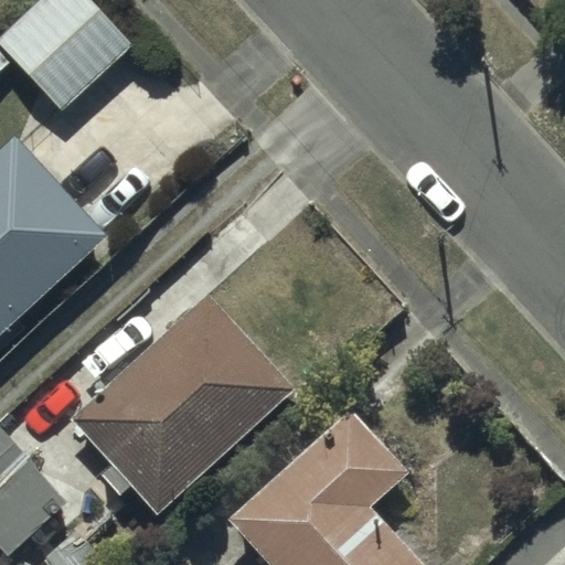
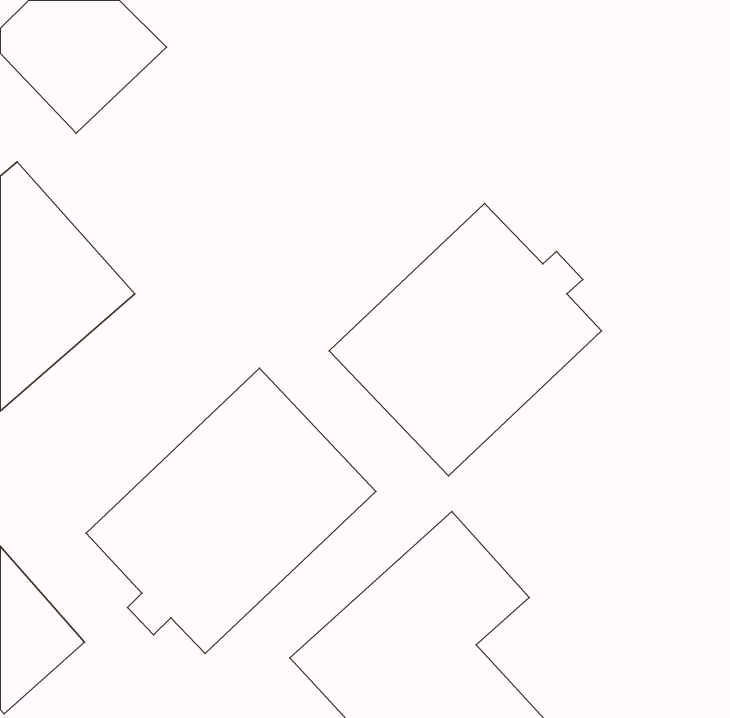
building: none -> [329,203,601,476]

